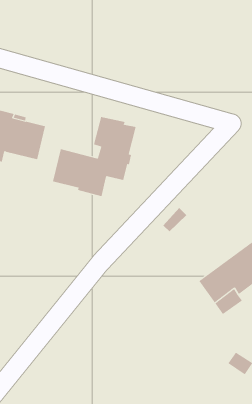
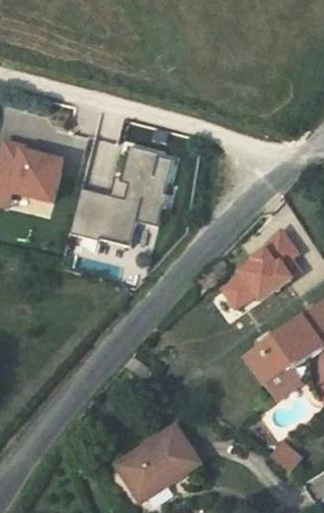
building: none -> [224,240,300,315]
building: none -> [120,425,201,496]

